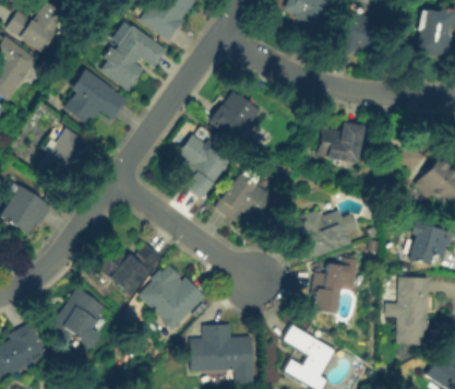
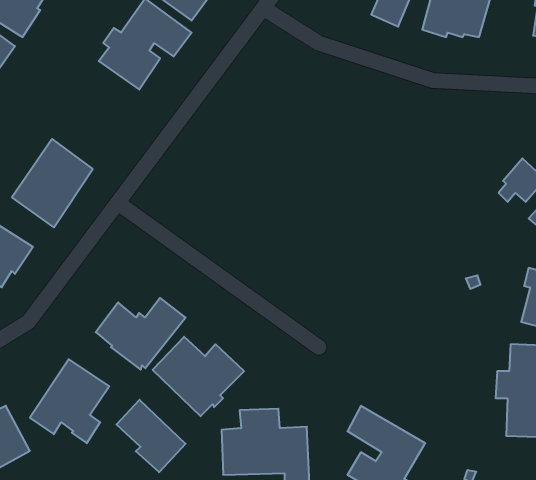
building: [63,68,128,123] -> none
building: [208,92,260,141] -> none
building: [315,122,363,164] -> none
building: [176,133,229,199] -> none
building: [213,173,275,223] -> none
building: [295,208,357,261] -> none
building: [310,256,358,319] -> none
building: none -> [116,400,186,472]

